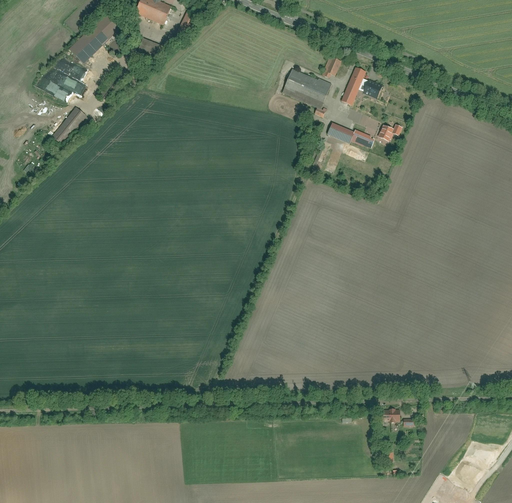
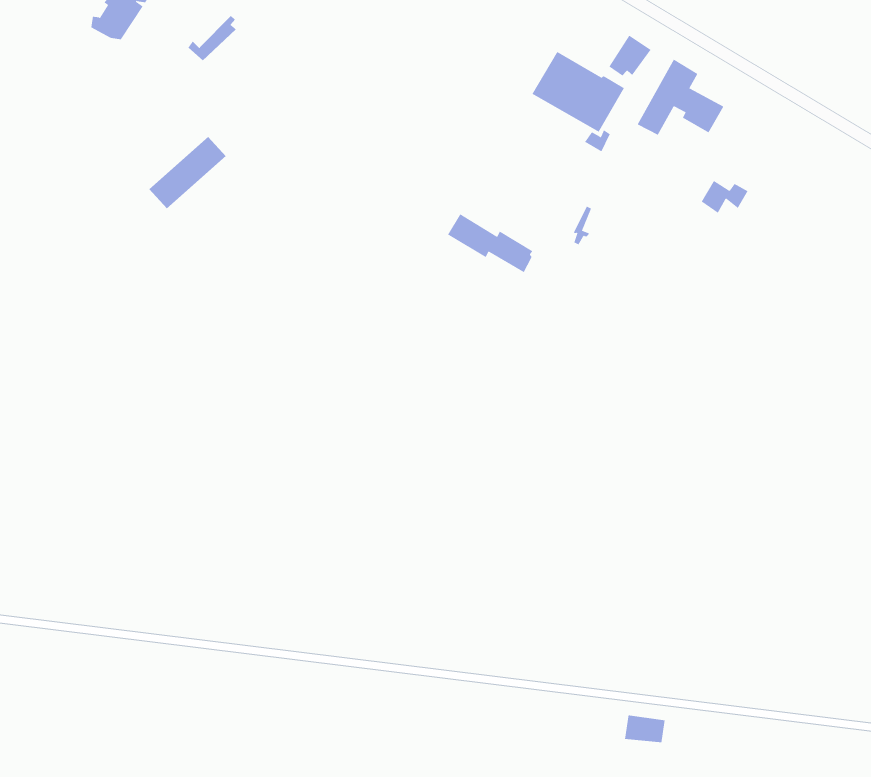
building: [50,107,88,148] -> [148,136,226,209]
building: [328,123,374,149] -> [447,213,533,273]

